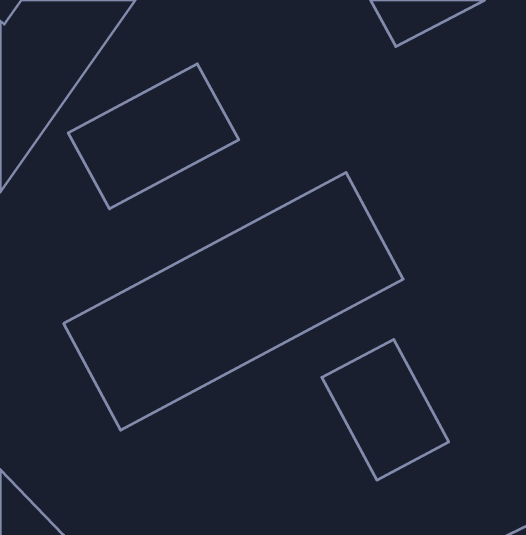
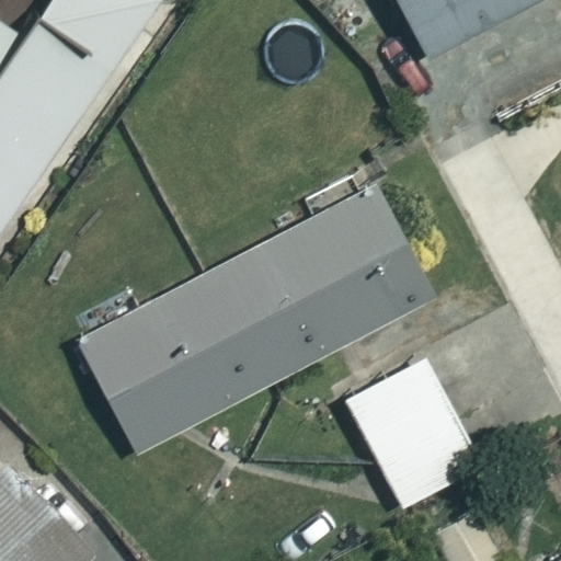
building: [68,64,239,209] -> none

